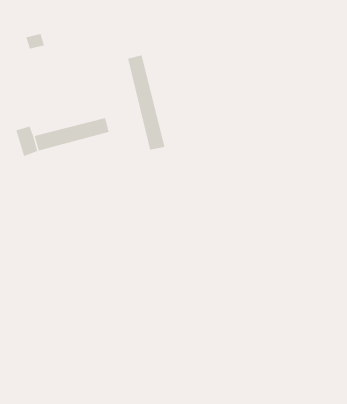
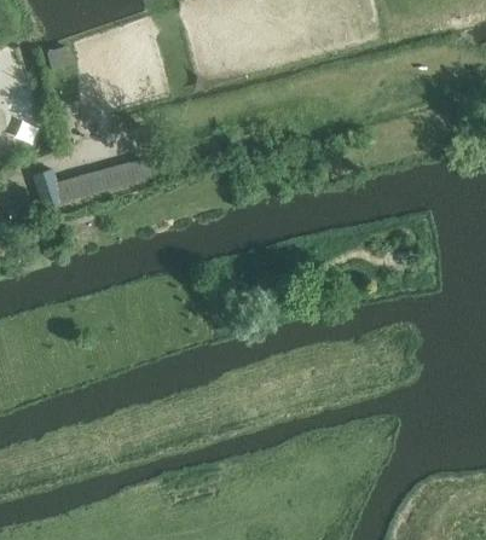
building: [127,54,165,151] -> none

